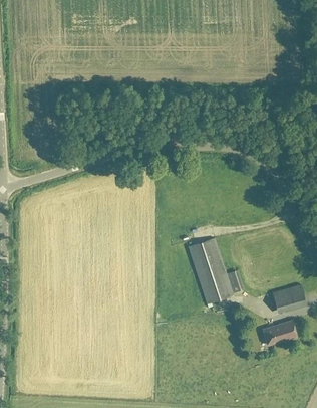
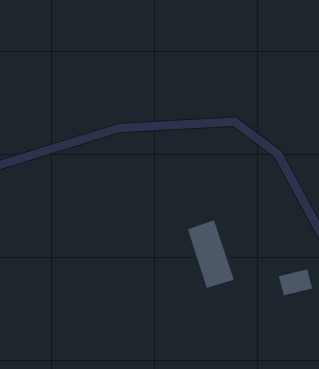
building: [264,321,298,345] -> none

